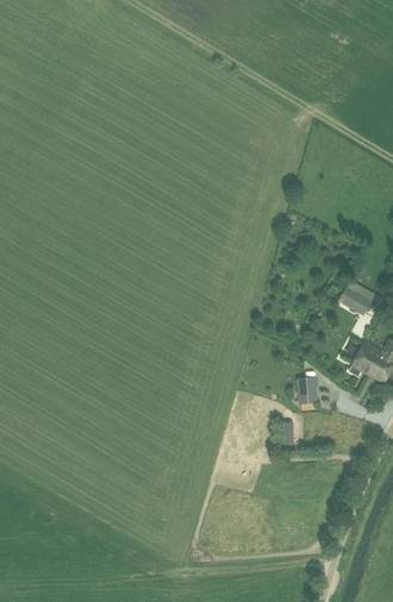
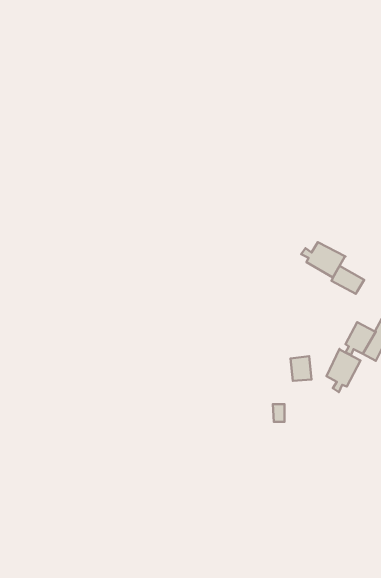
building: none -> [301,242,346,277]
building: none -> [327,349,360,392]

